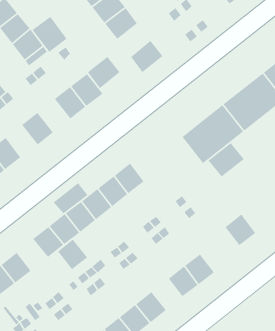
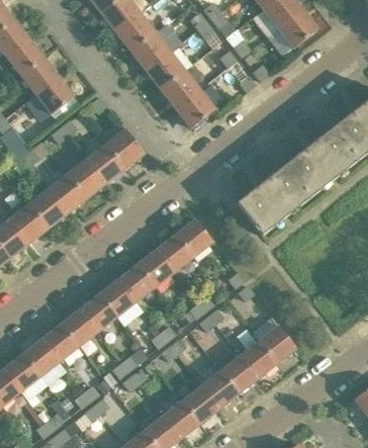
building: [31,16,68,53] -> none
building: [87,56,120,89] -> [161,70,200,109]
building: none -> [67,159,105,198]
building: none -> [29,189,67,228]
building: [208,142,245,178] -> none
building: none -> [176,218,213,256]
building: [53,182,89,214] -> none
building: [224,214,256,246] -> [259,325,296,363]
building: [57,238,88,270] -> [42,324,79,361]
building: none -> [201,370,238,408]

